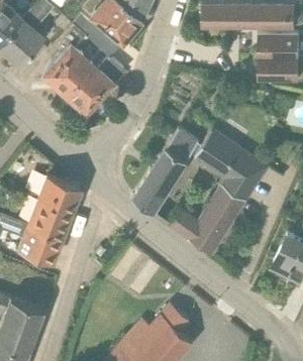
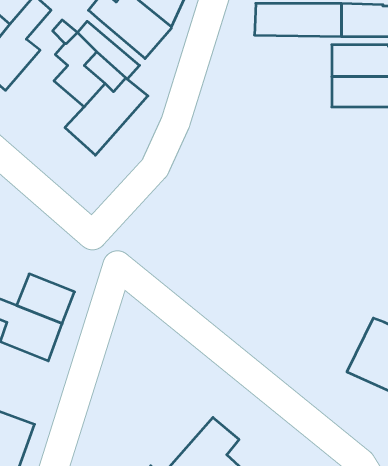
building: [41,59,78,94] -> none
building: [133,130,273,258] -> none
building: [30,175,81,214] -> none

